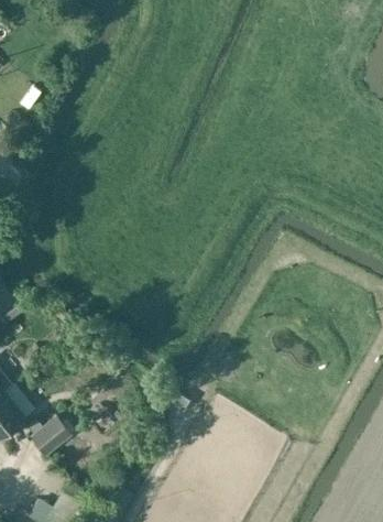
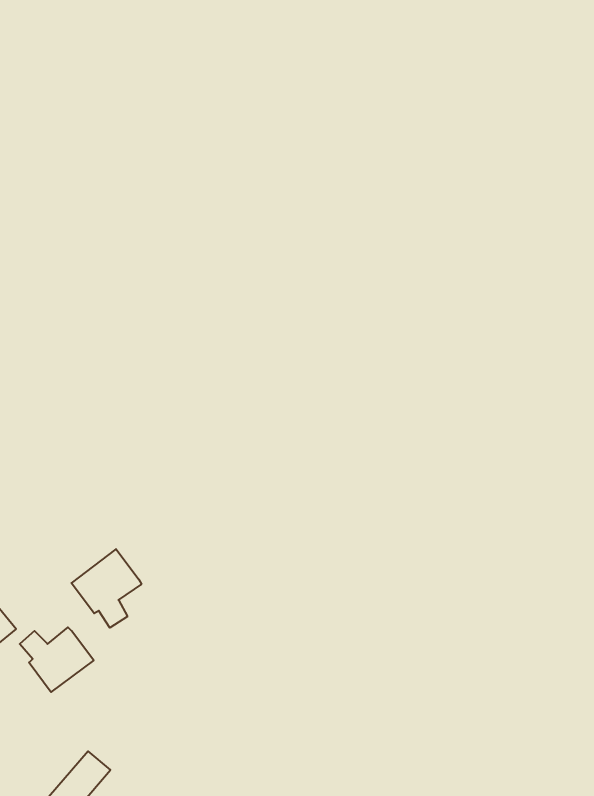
building: none -> [71,549,141,628]

